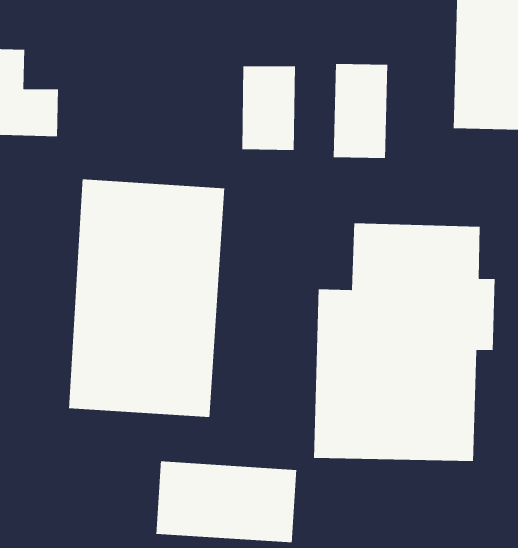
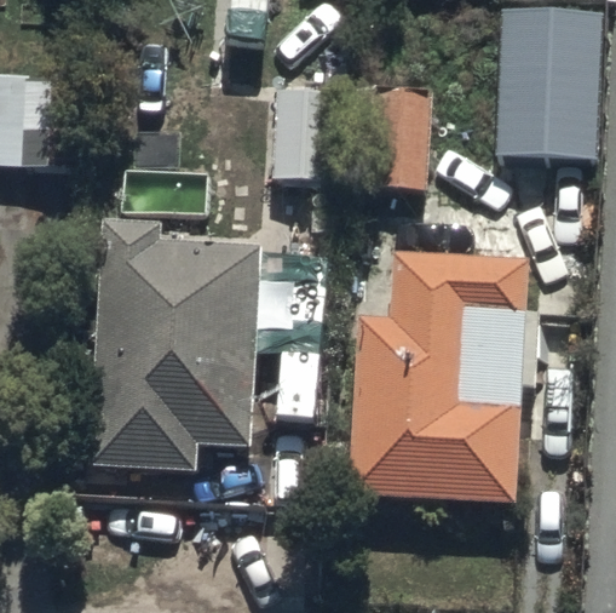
building: [155,461,297,543] -> none

